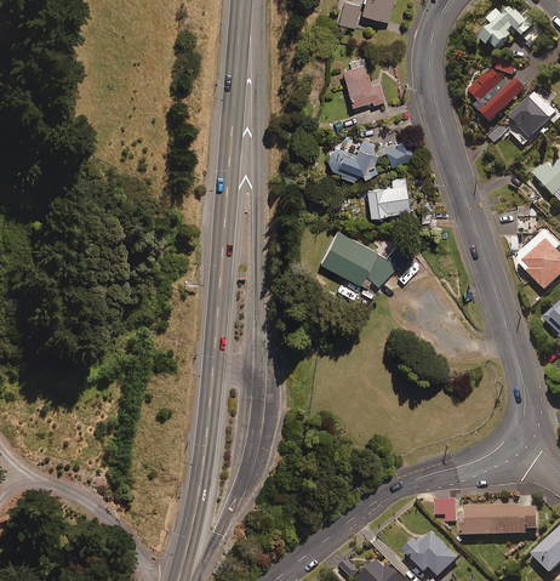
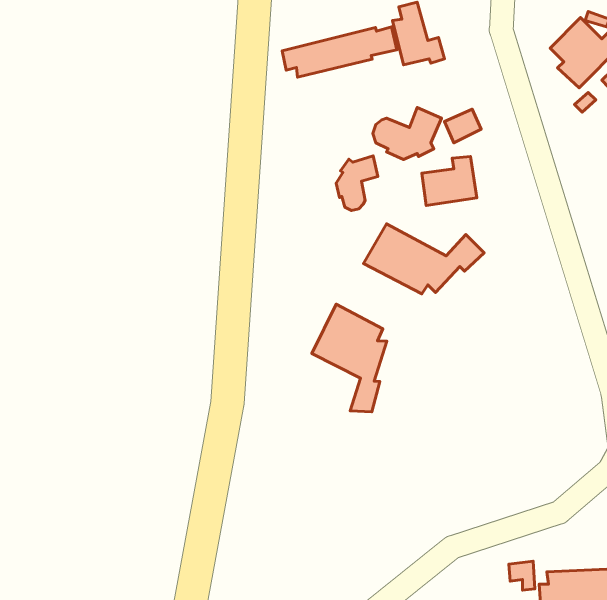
building: none -> [282,27,397,77]
building: none -> [336,156,378,210]
building: none -> [312,304,387,412]

